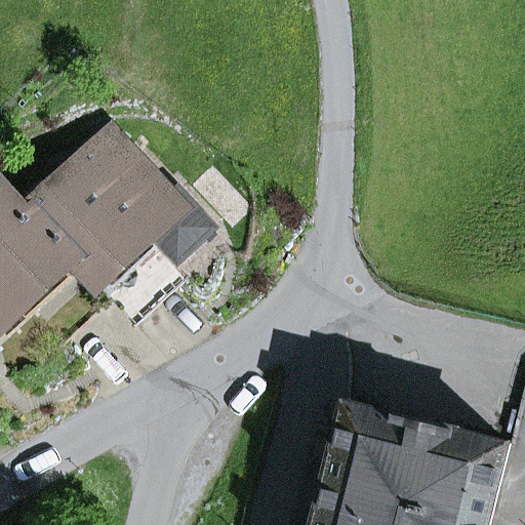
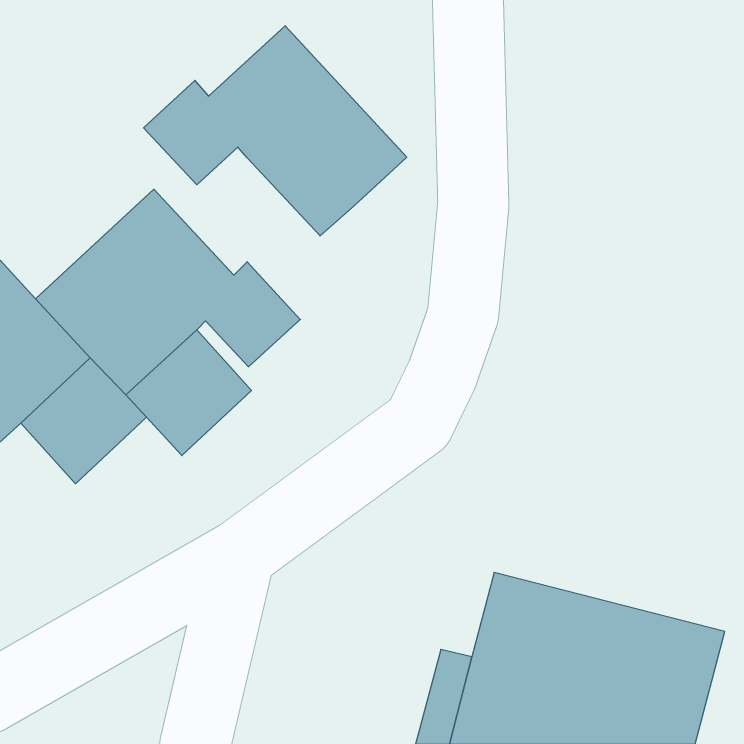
building: none -> [144,26,407,236]

